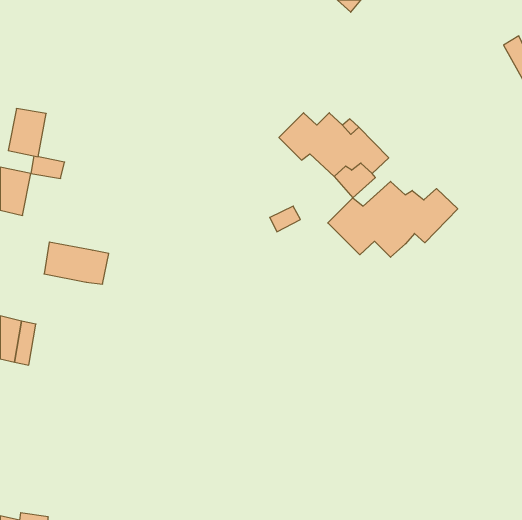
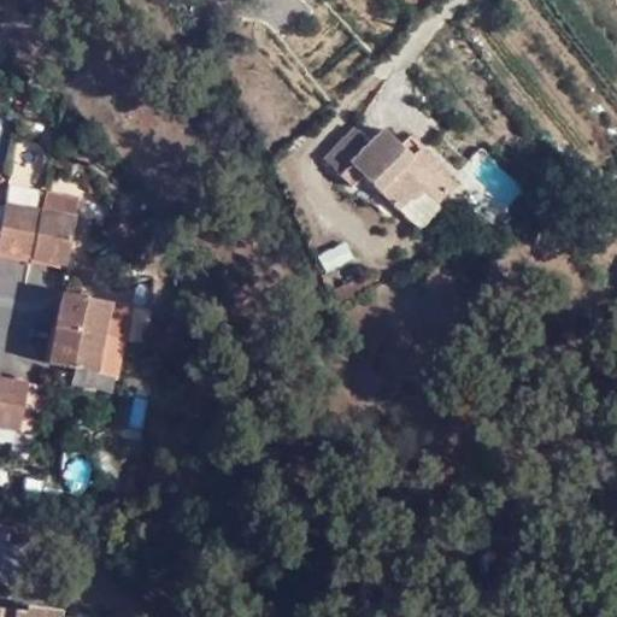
building: [8,109,46,157] -> [29,208,74,265]
building: [328,181,458,257] -> none
building: none -> [47,327,123,372]

